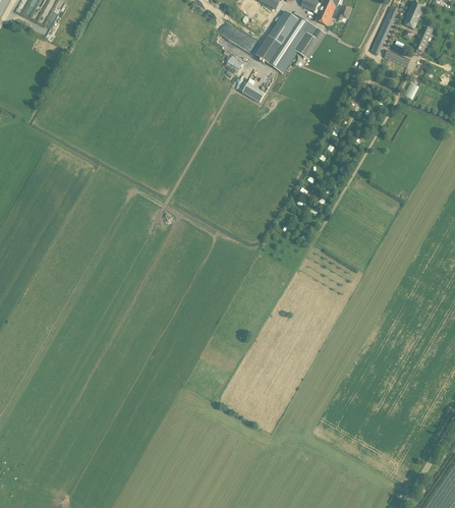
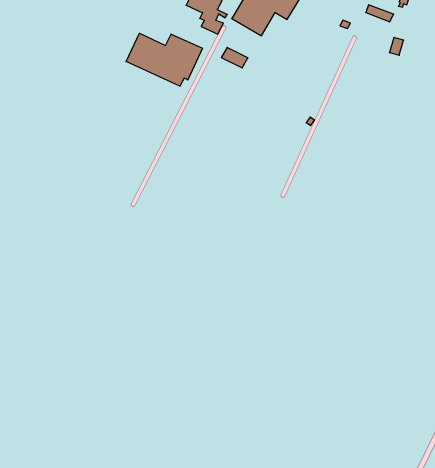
building: none -> [126,33,203,86]

